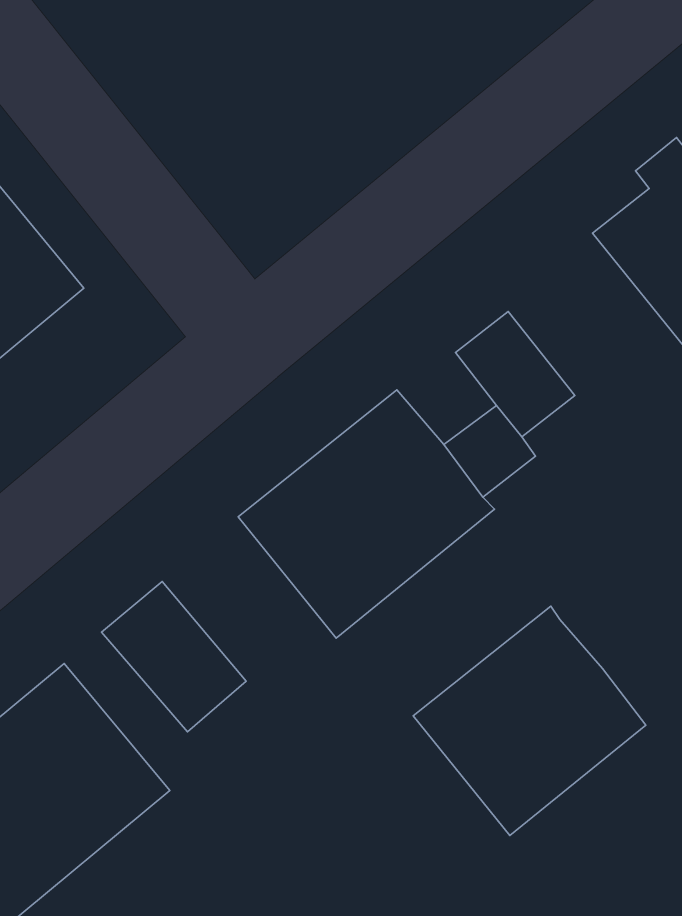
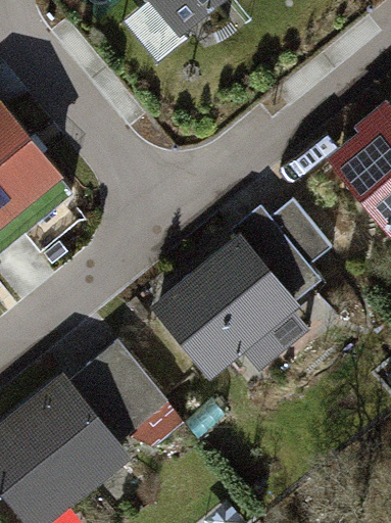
building: [413,606,646,835] -> none

